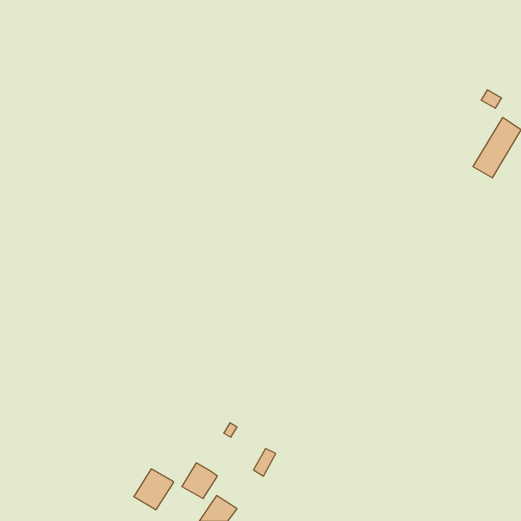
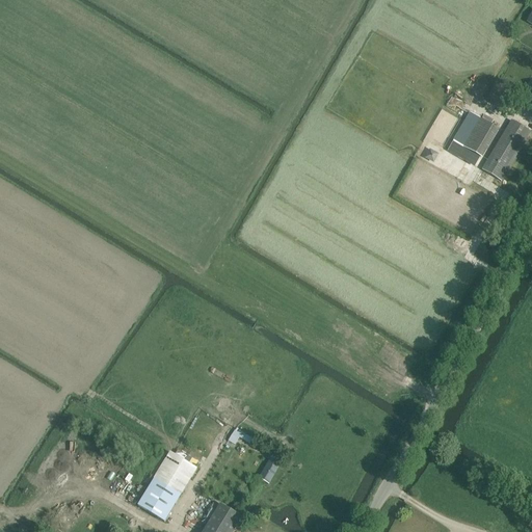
building: none -> [452,112,499,165]
building: [182,463,217,499] -> [154,453,190,489]

